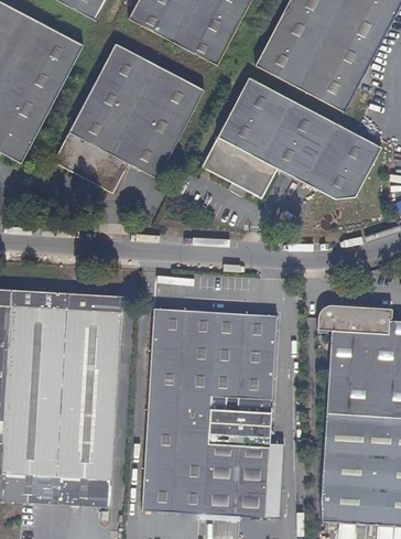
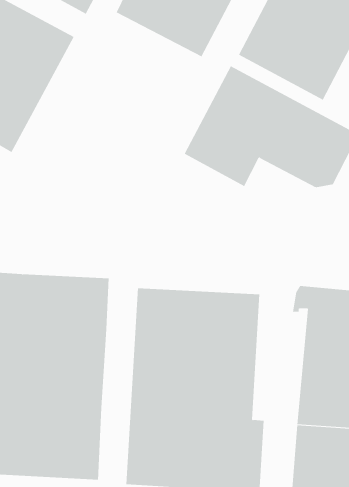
building: [53,41,205,193] -> none

